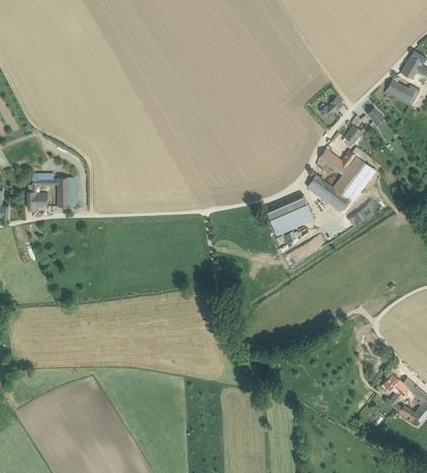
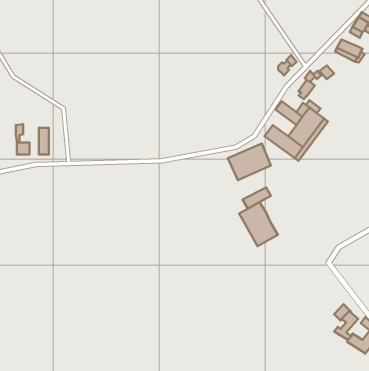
building: none -> [239,202,278,246]

